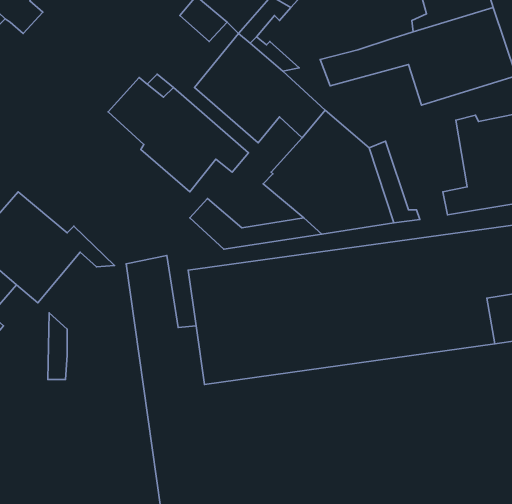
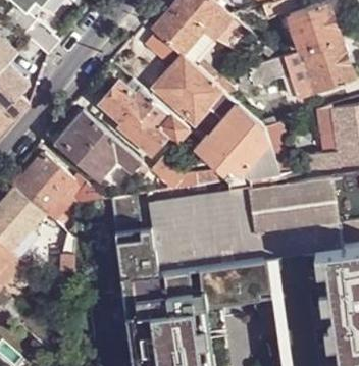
building: none -> [58,110,139,178]

